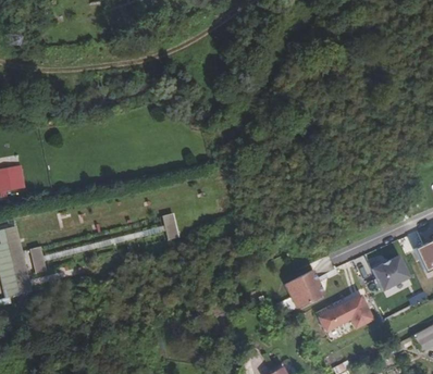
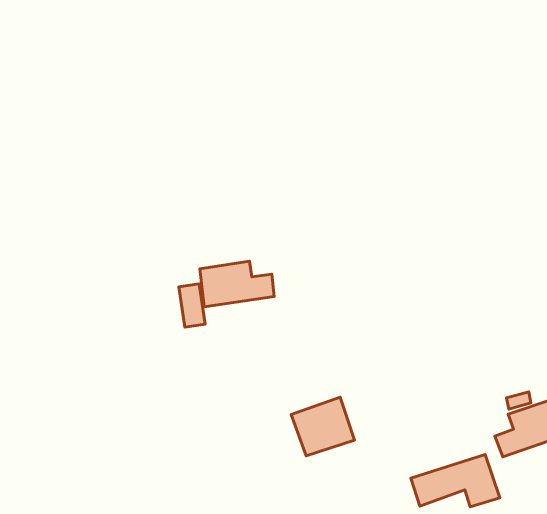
building: none -> [200,261,274,307]
building: [284,266,324,304] -> [291,397,355,456]

